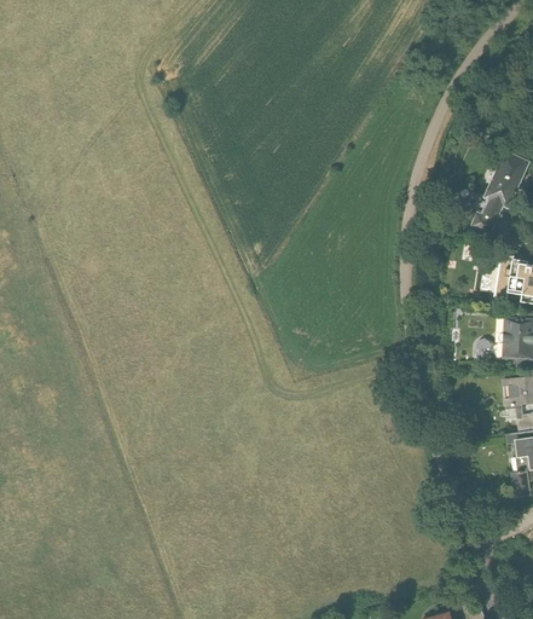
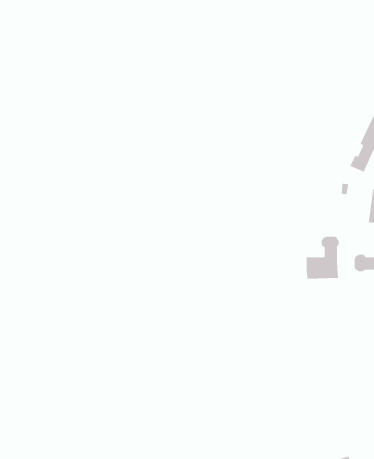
building: none -> [306,236,340,279]

